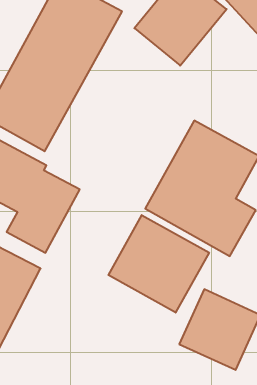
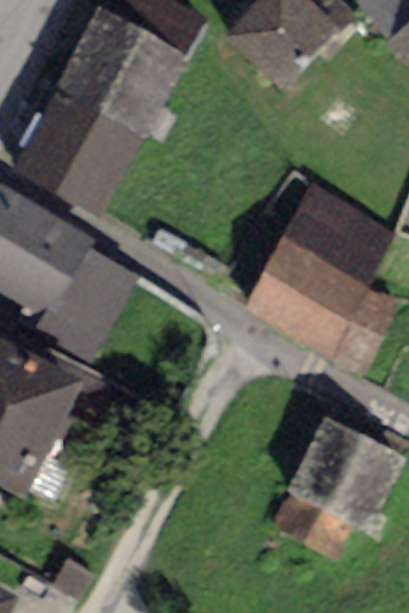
building: [108,215,209,313] -> none

